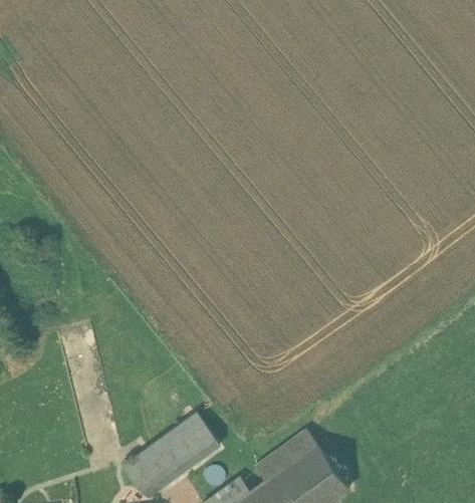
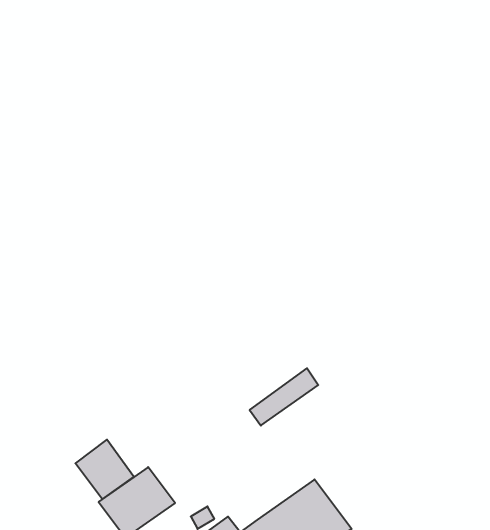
building: [168,412,220,465] -> [75,440,134,499]
building: [255,429,316,480] -> [250,368,318,426]

